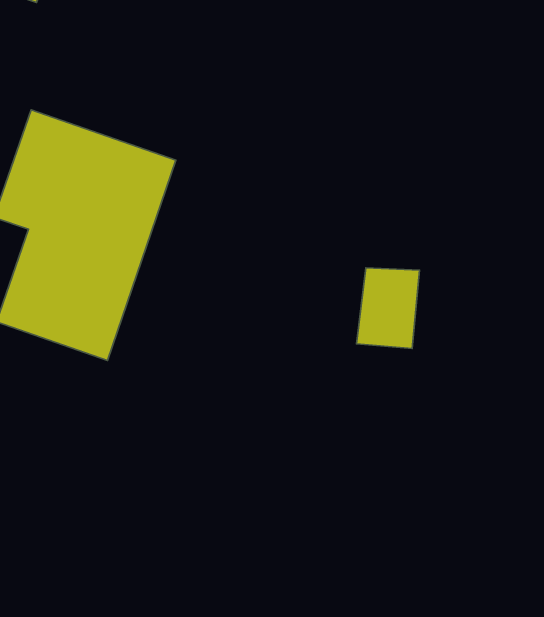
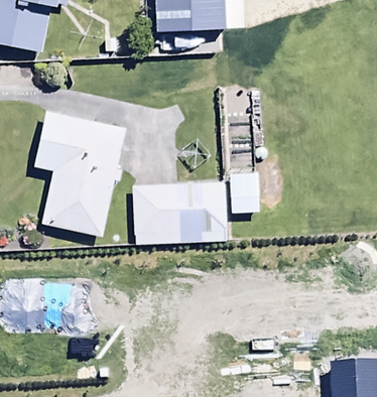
building: none -> [133,181,227,243]

